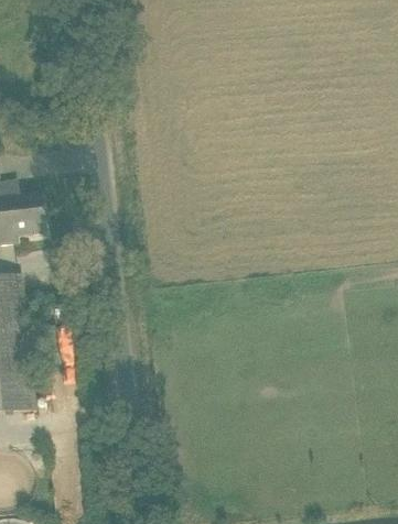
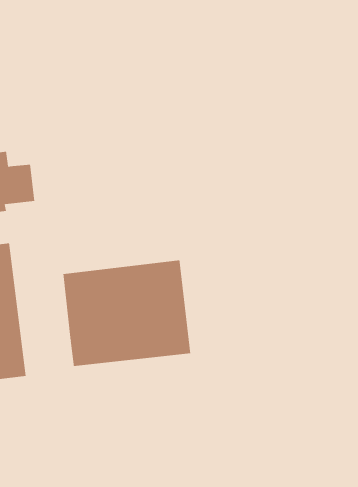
building: none -> [63,259,191,367]

